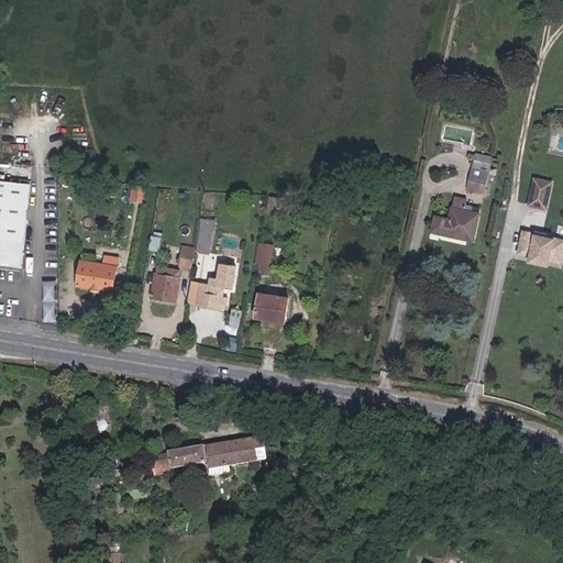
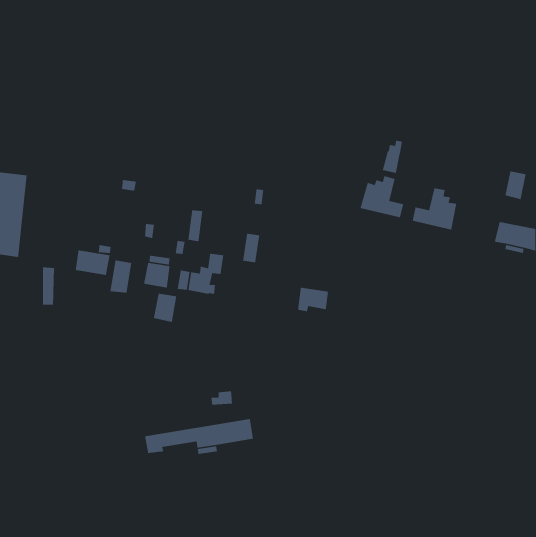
building: [466,155,488,190] -> [382,140,403,174]
building: none -> [360,175,404,218]
building: none -> [110,259,132,294]
building: [254,292,287,319] -> [297,287,329,312]
building: none -> [153,293,177,323]

